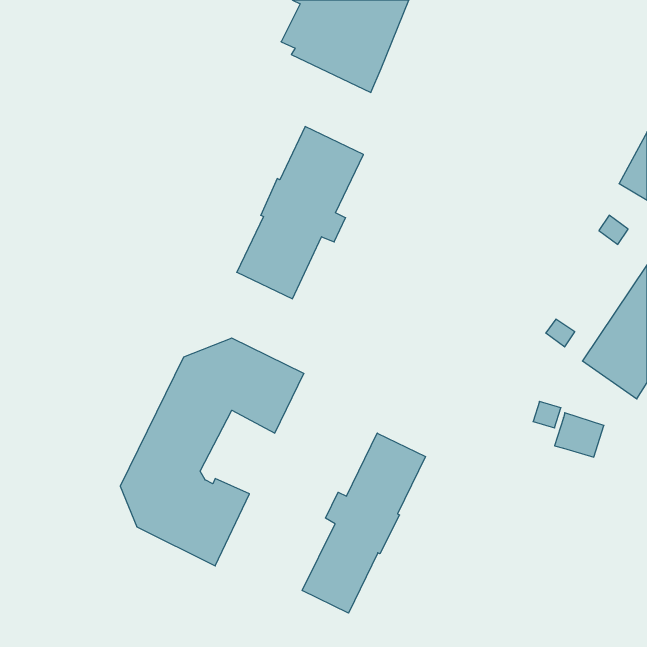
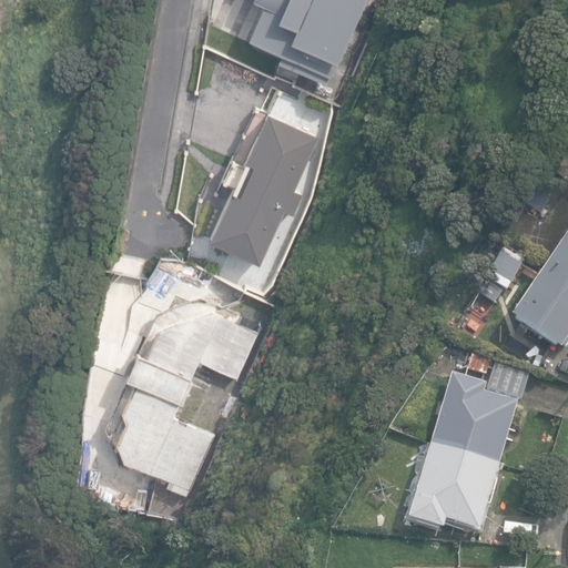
building: none -> [408,373,517,529]
building: [302,433,426,613] -> none

